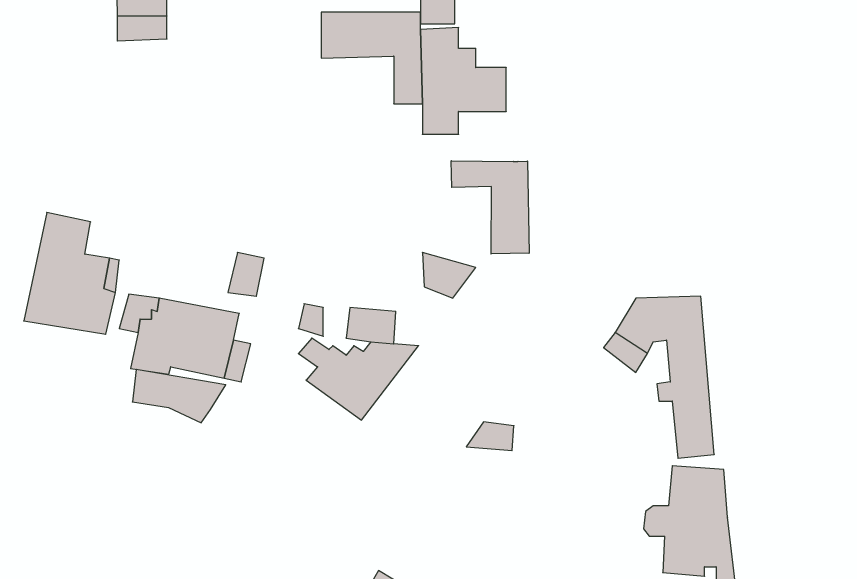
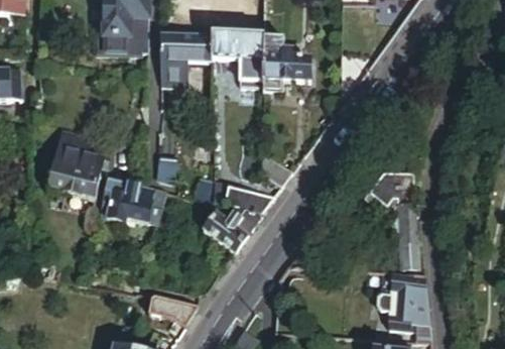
building: none -> [159,32,211,84]
building: [451,161,529,254] -> none
building: [132,369,226,423] -> [149,294,199,322]

